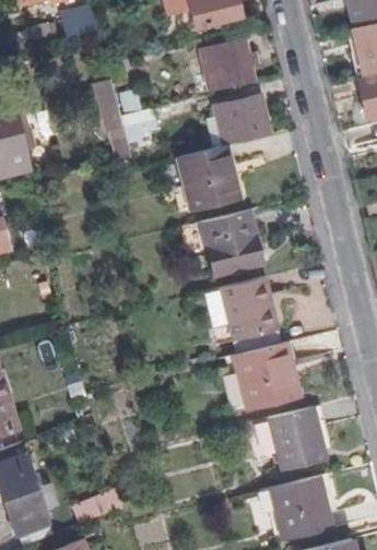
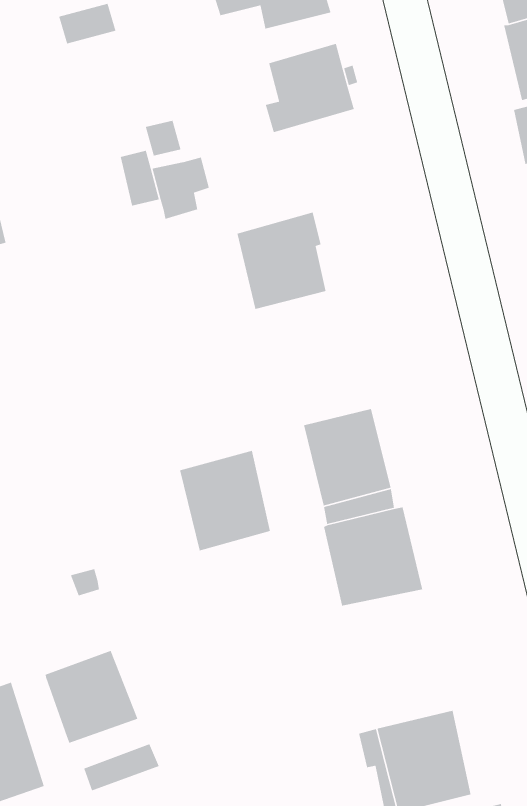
building: [217,99,270,148] -> none
building: [201,212,261,278] -> [179,450,271,551]
building: [269,405,327,470] -> none
building: none -> [45,650,138,744]

